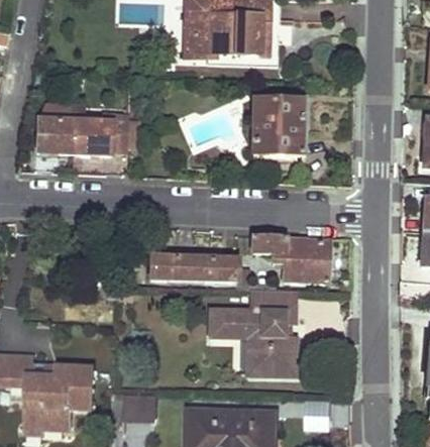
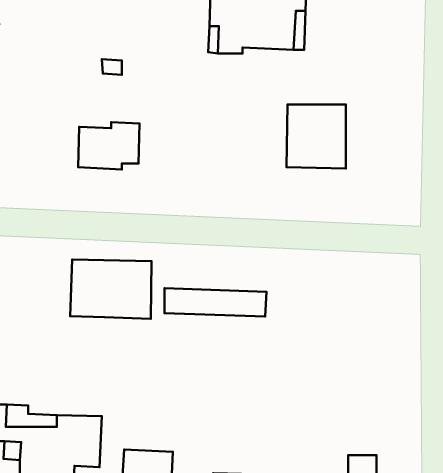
building: [36,117,76,152] -> none
building: none -> [70,260,151,319]
building: [249,232,328,282] -> none
building: [210,288,295,374] -> none

